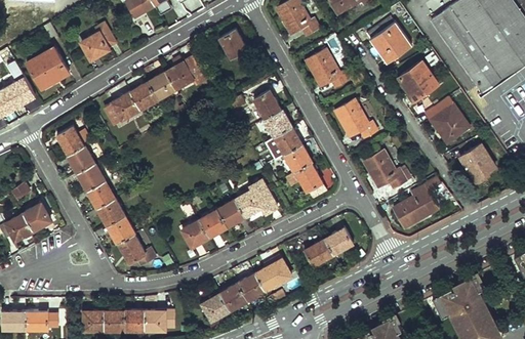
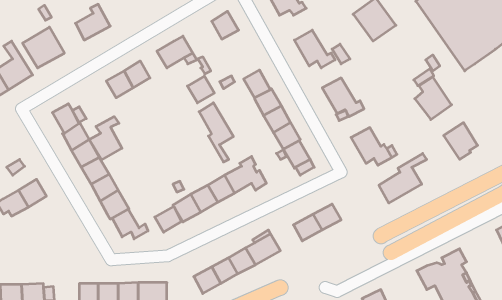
building: [398,60,437,99] -> none
building: [147,72,174,99] -> [187,76,214,103]
building: none -> [199,103,233,162]
building: none -> [89,117,122,160]
building: none -> [155,207,182,232]

